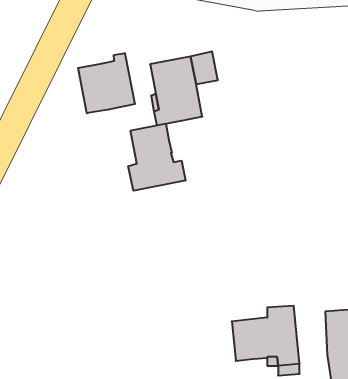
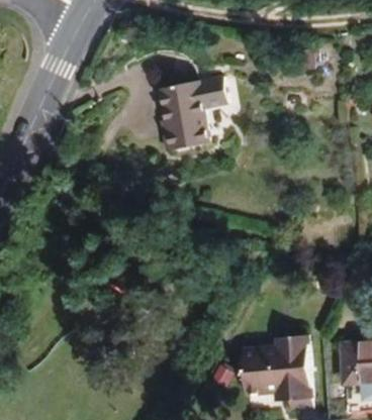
building: [78,53,135,113] -> none
building: [128,124,186,191] -> none

